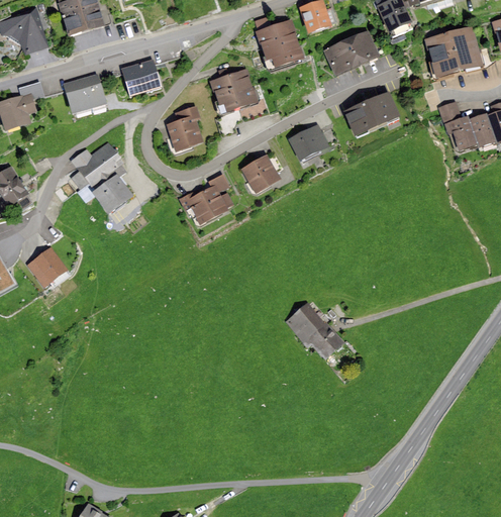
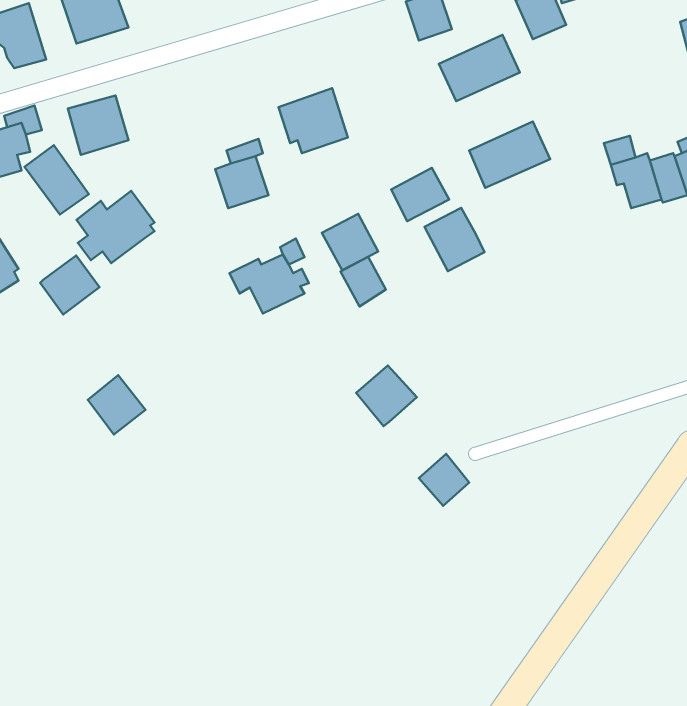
building: [255,19,304,70] -> none
building: [424,26,483,79] -> none
building: [120,59,161,97] -> none
building: none -> [25,145,89,215]
building: none -> [424,208,485,271]
building: [91,173,132,214] -> [40,255,99,315]
building: none -> [341,257,386,306]
building: [27,247,68,289] -> [88,375,146,434]
building: [285,301,327,343] -> [356,365,417,426]

